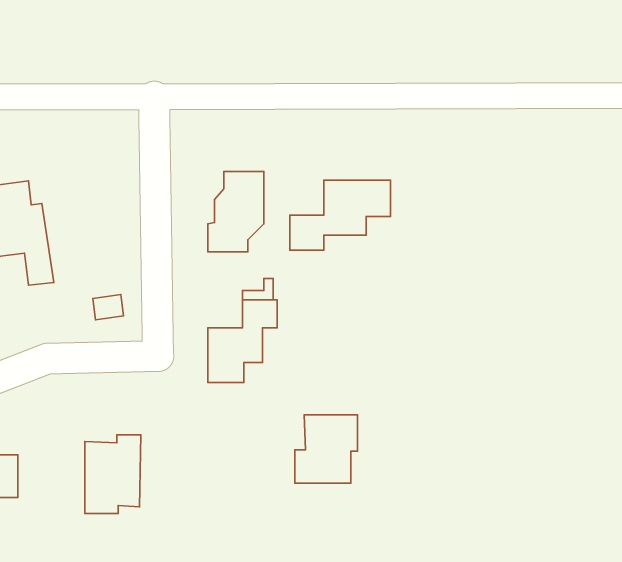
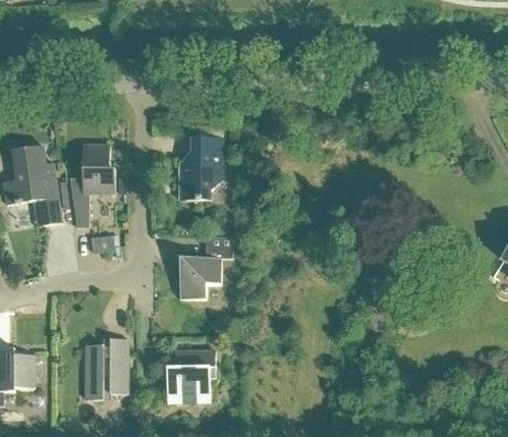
building: none -> [69,144,115,226]
building: [290,180,390,250] -> none
building: [295,415,358,483] -> [167,349,215,401]

